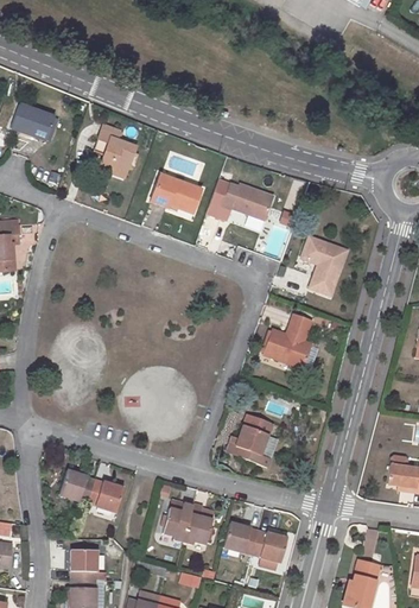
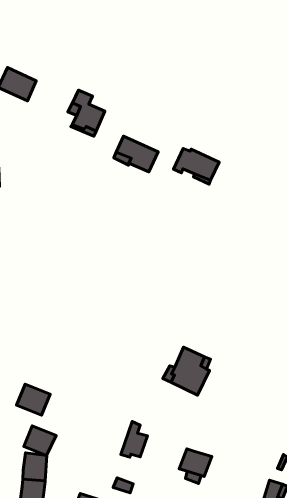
building: [301,235,347,294] -> none
building: [262,312,311,368] -> none
building: [88,479,125,512] -> [24,426,56,455]
building: [163,501,193,543] -> none
building: [223,522,259,555] -> none

